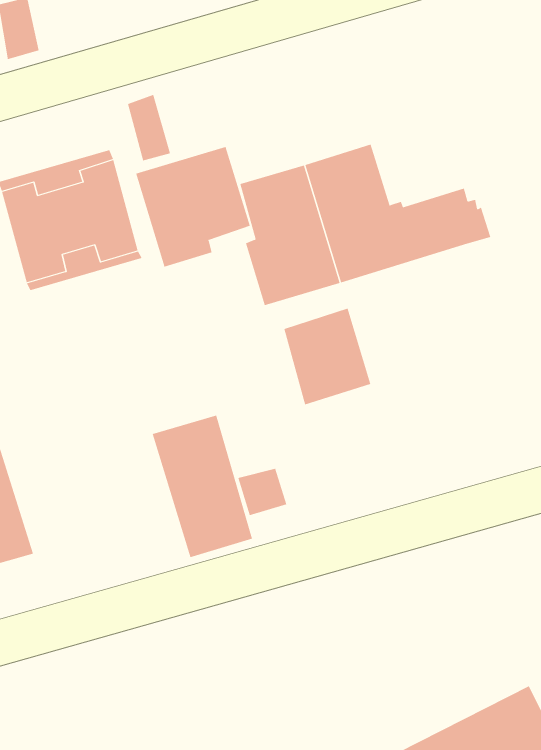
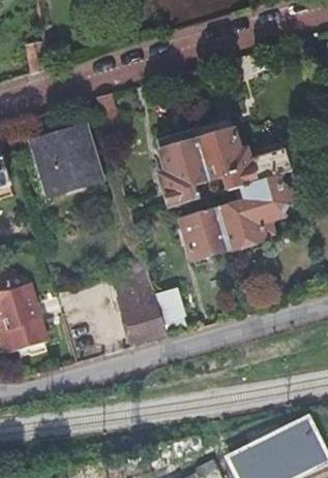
building: [135,146,250,267] -> none
building: none -> [212,174,289,257]

